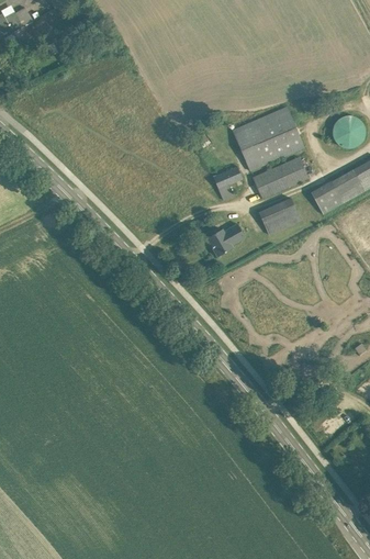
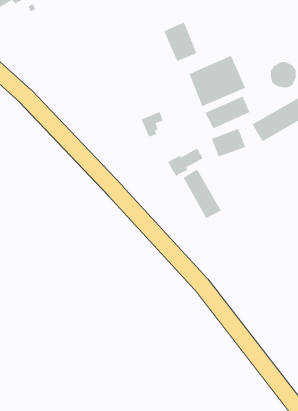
building: none -> [163,22,198,62]
building: [212,167,240,200] -> [140,111,164,138]
building: none -> [183,168,222,219]

